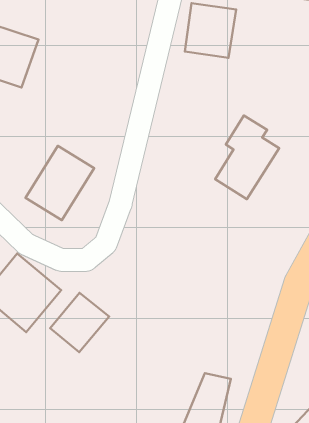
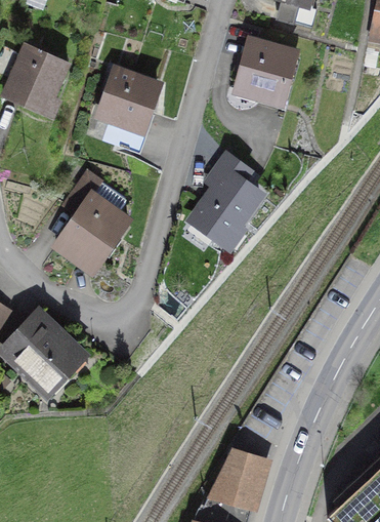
building: none -> [95,68,163,135]
building: [215,116,279,199] -> [189,150,263,243]
building: [50,293,109,352] -> none

